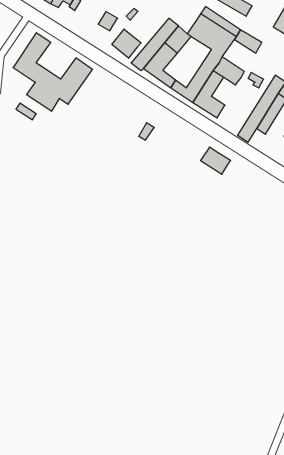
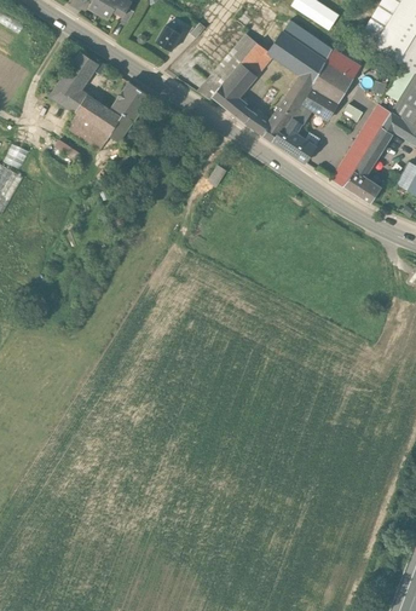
building: [112,29,141,58] -> none
building: none -> [312,59,354,99]
building: [201,147,231,174] -> [345,171,382,204]

